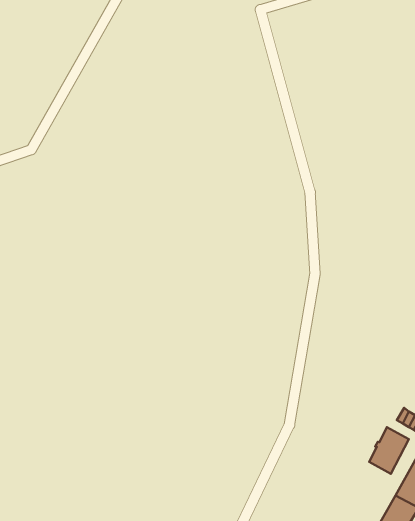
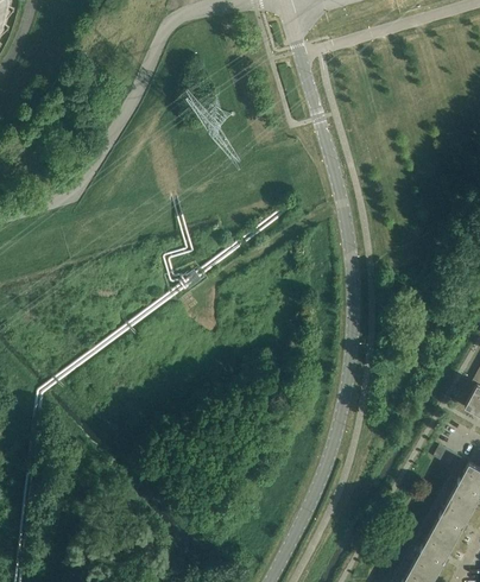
building: [369,427,409,474] -> none

